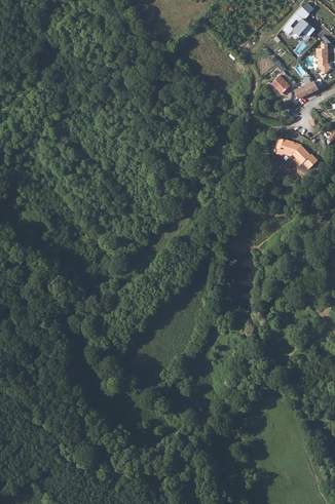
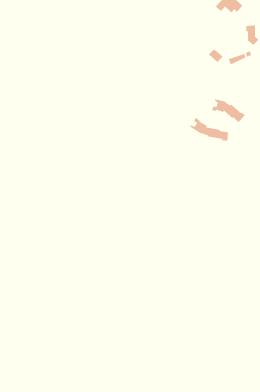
building: none -> [189,117,229,142]

